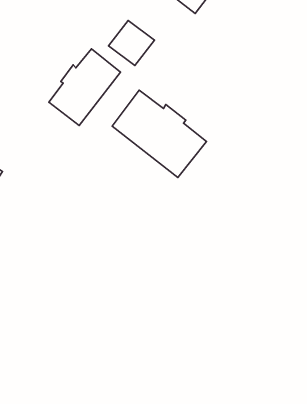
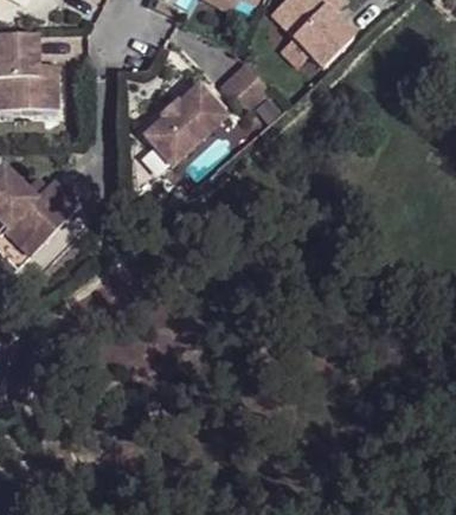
building: [112,90,206,178] -> none

